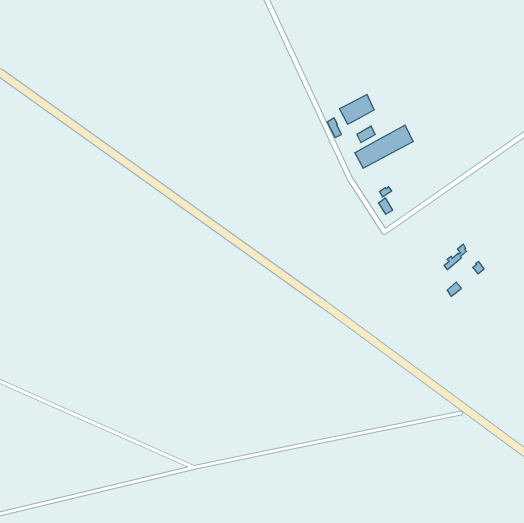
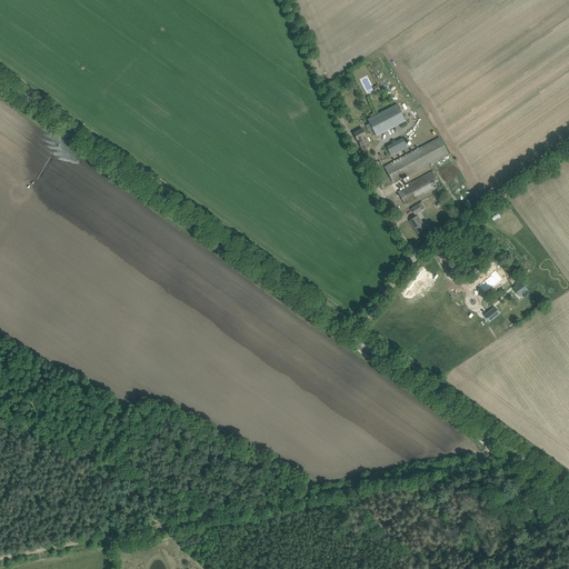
building: none -> [398,170,440,203]

